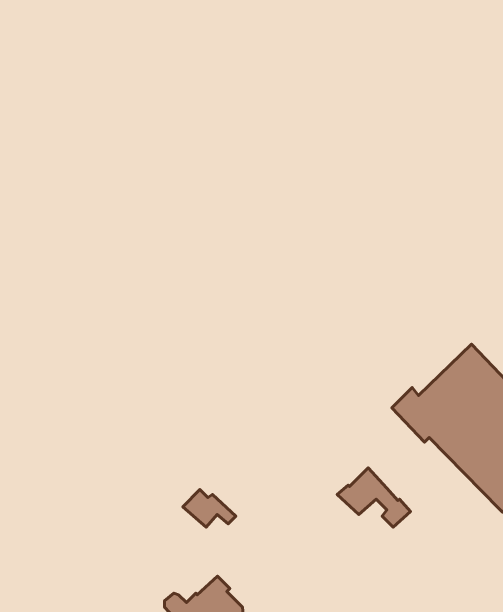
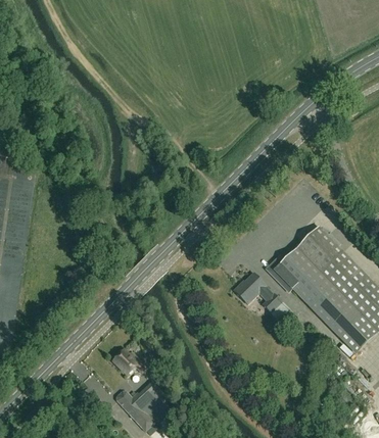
building: [337,468,410,527] -> [233,272,281,310]
building: [183,490,236,527] -> [113,349,148,374]

